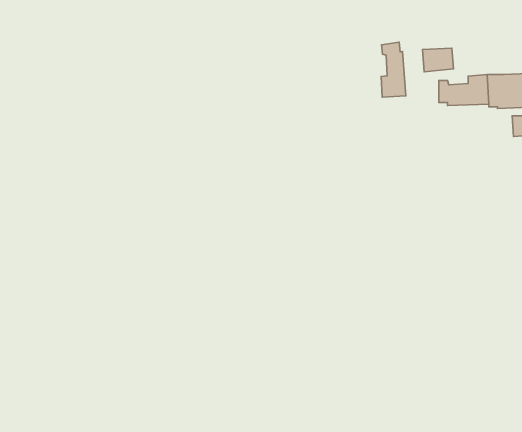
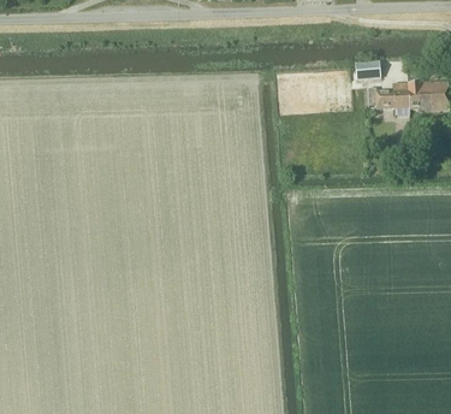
building: [381,42,406,97] -> none

